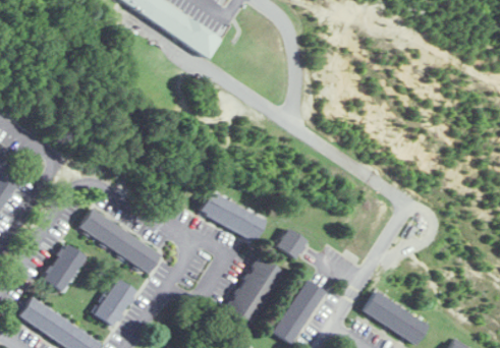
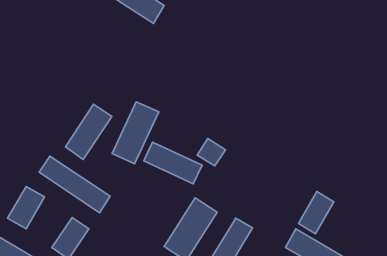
building: none -> [112,102,159,164]
building: none -> [66,104,112,159]
building: [276,228,309,259] -> [197,138,225,166]
building: none -> [299,192,334,234]

